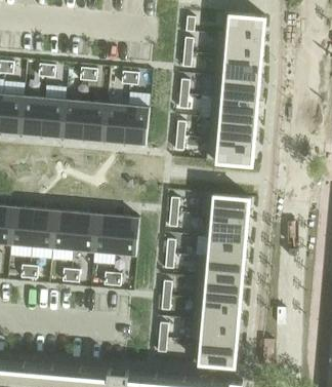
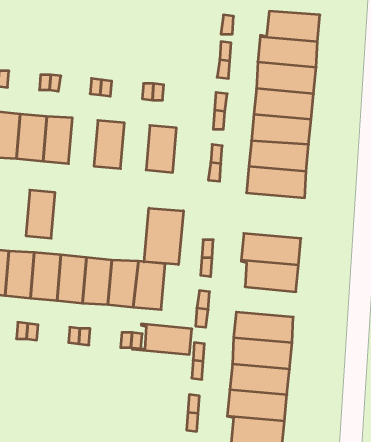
building: [63,101,86,140] -> [26,190,55,238]
building: [105,105,128,143] -> none
building: none -> [144,208,183,265]
building: [198,237,246,262] -> [132,324,192,354]

